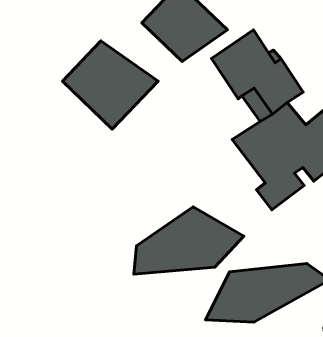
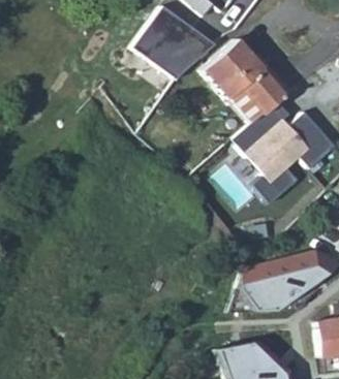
building: [62,41,158,129] -> none
building: [134,207,244,274] -> none

